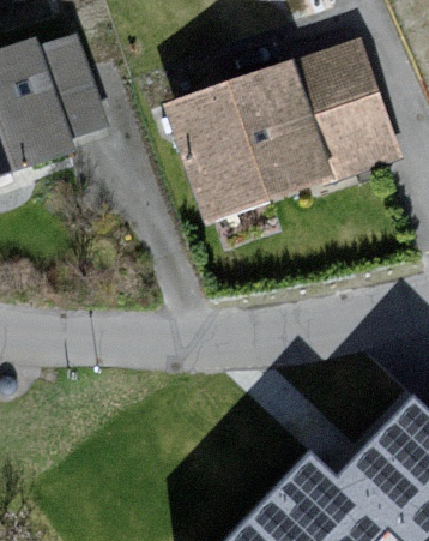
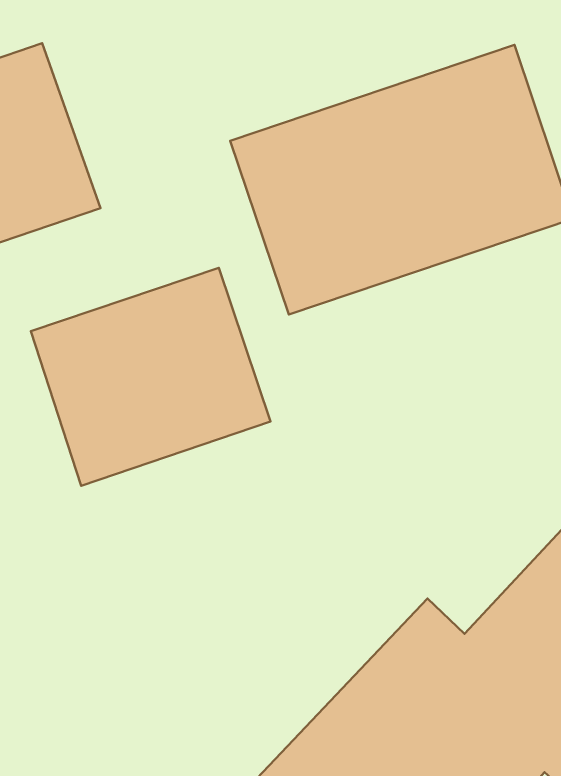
building: none -> [31,268,271,486]

